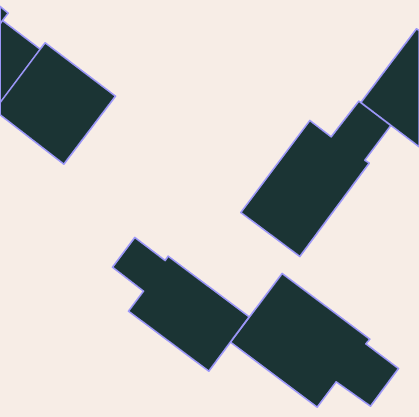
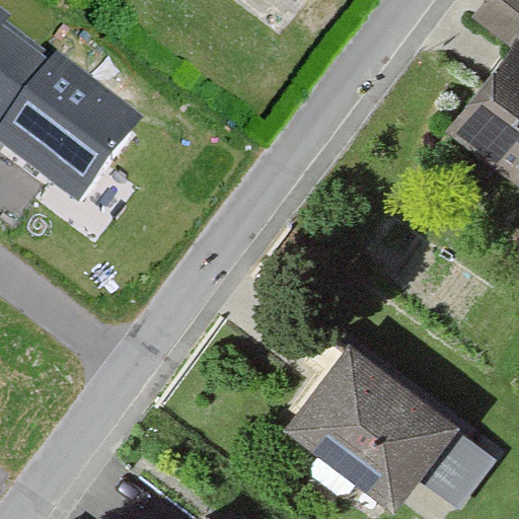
building: [241,101,391,257] -> none
building: [113,238,249,371] -> none

